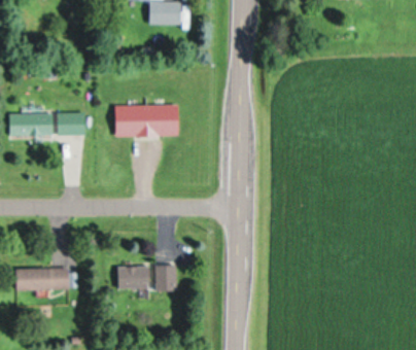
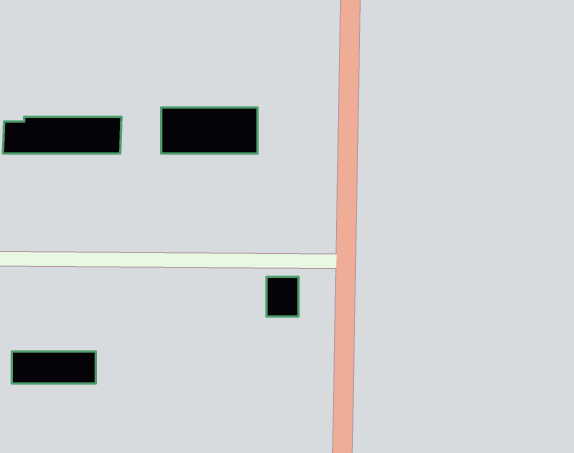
building: [157,265,178,291] -> [266,277,298,317]
building: [117,266,149,288] -> none

